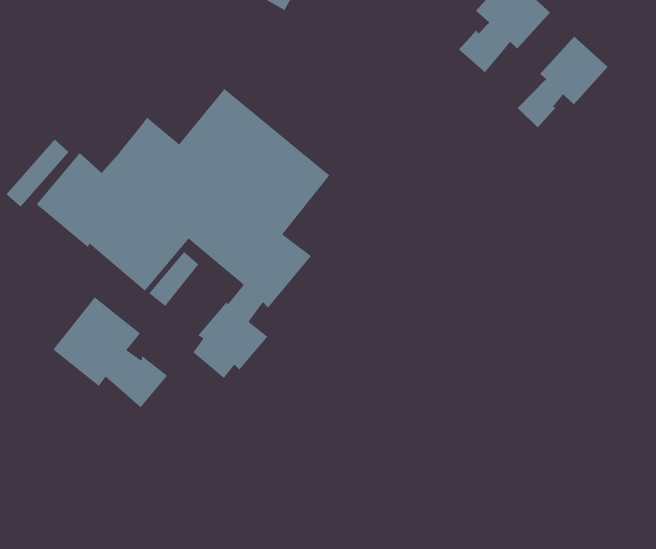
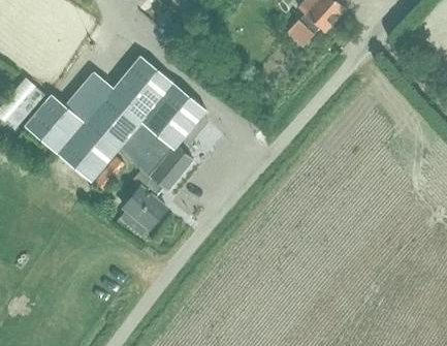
building: [517,36,609,128] -> none
building: [52,296,168,408] -> none

